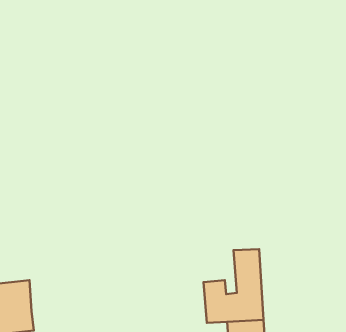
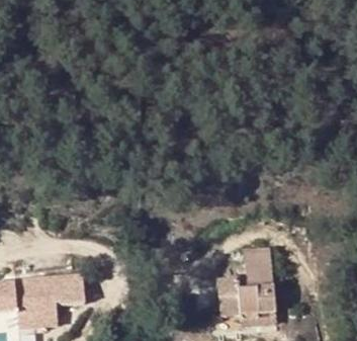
building: none -> [53,274,83,306]

